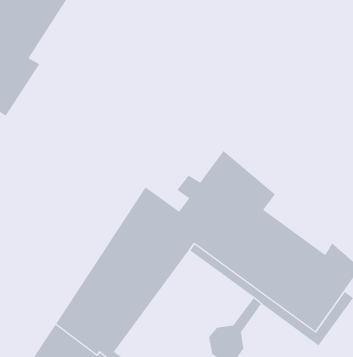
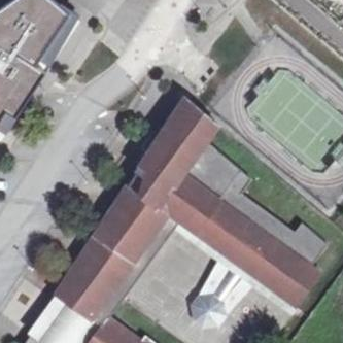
building: none -> [134,100,215,196]

